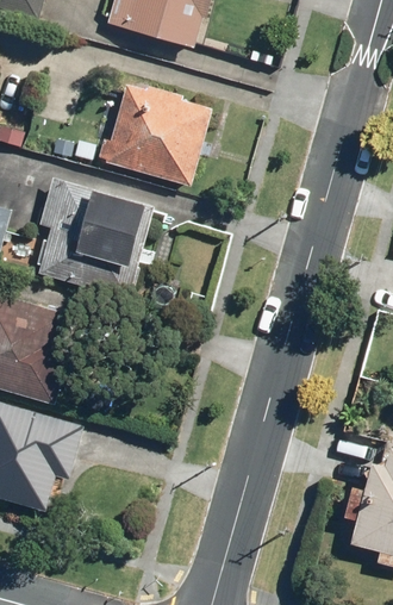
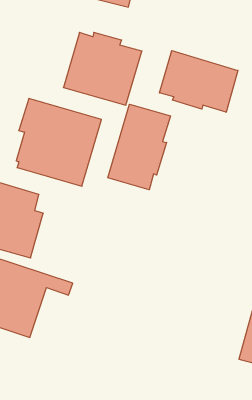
building: none -> [159,51,238,112]
building: none -> [108,104,170,190]

